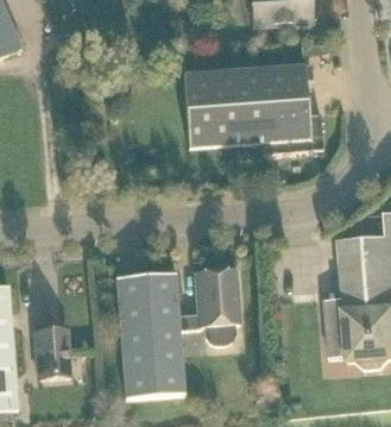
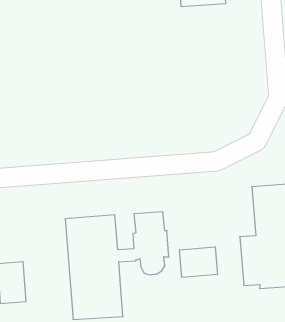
building: [182,63,321,152] -> none
building: none -> [180,247,217,277]

